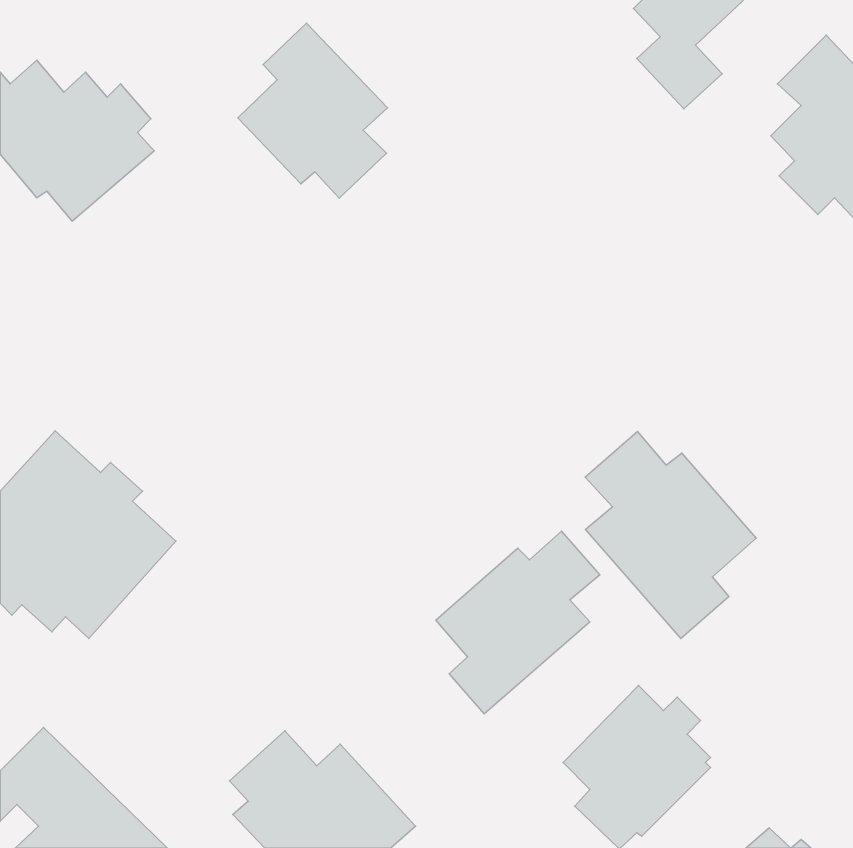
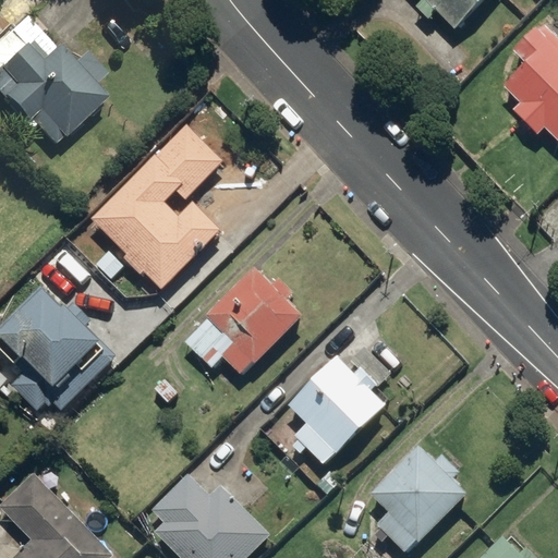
building: [238,23,388,198] -> none
building: none -> [88,125,222,293]
building: none -> [186,268,304,376]
building: [585,432,756,638] -> none

